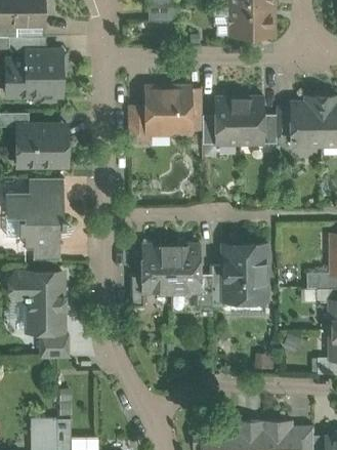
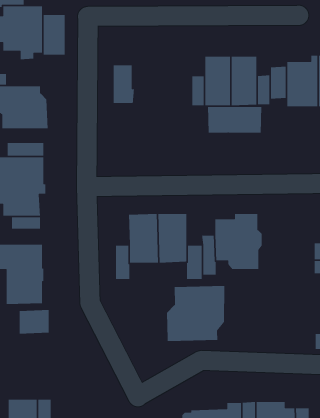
building: none -> [43,14,66,55]
building: [145,89,189,131] -> none
building: none -> [207,106,262,133]
building: none -> [166,285,225,342]

